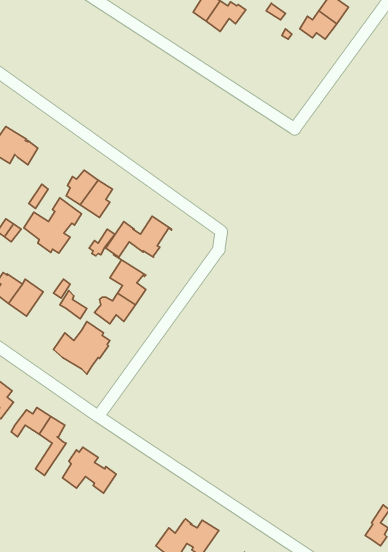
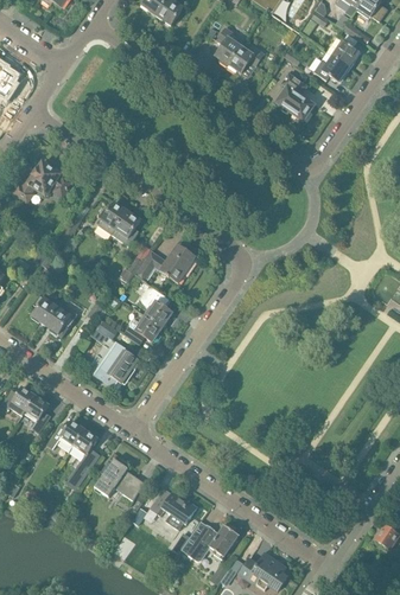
building: none -> [275,76,313,121]
building: [24,198,82,253] -> none
building: none -> [148,490,196,530]

